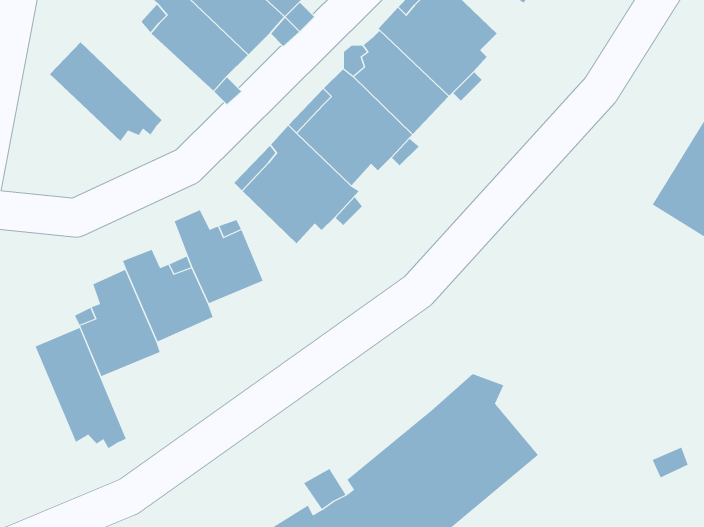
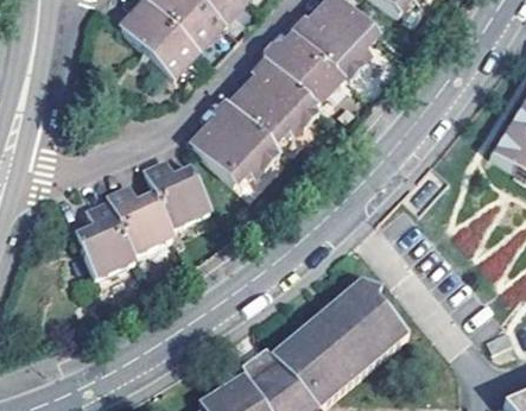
building: [49,41,162,142] -> none
building: [35,327,127,449] -> none

